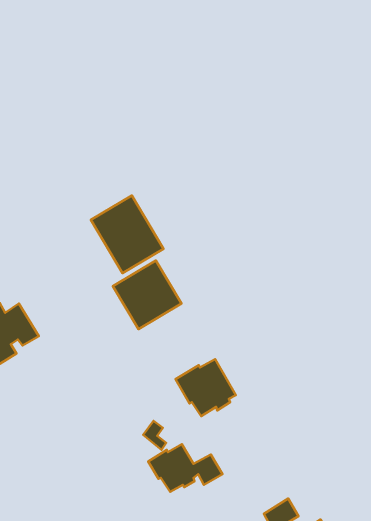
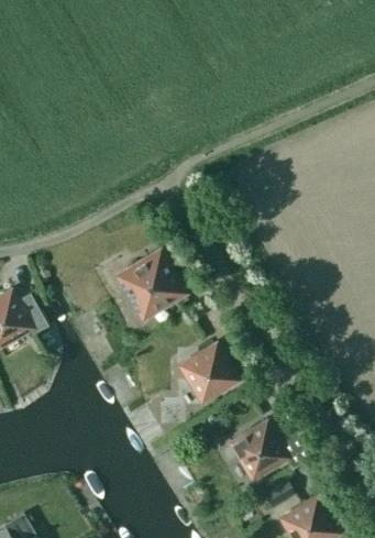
building: [91,195,163,273] -> none
building: [148,444,222,492] -> [231,428,301,473]

